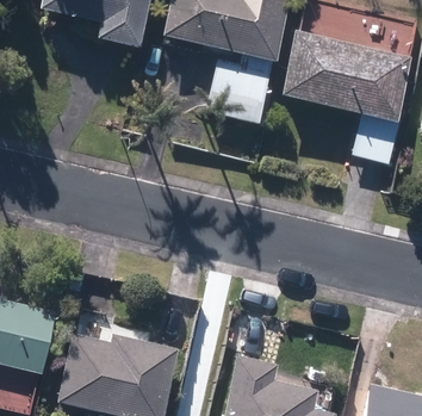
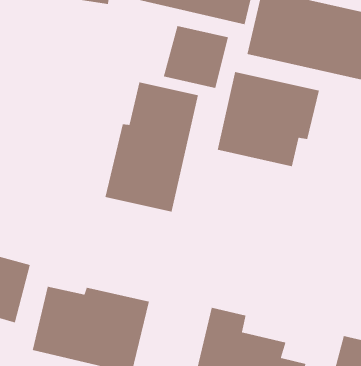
building: none -> [217,71,320,167]
building: none -> [104,81,199,212]

